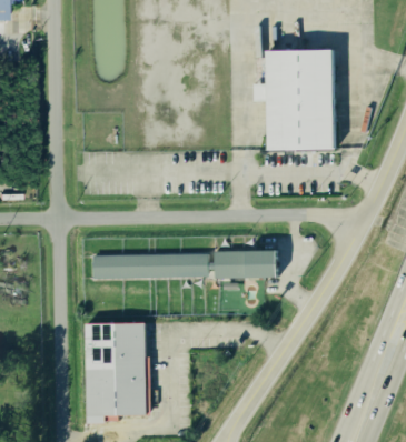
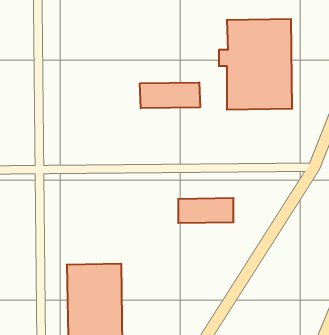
building: none -> [140,82,200,108]
building: [90,252,206,280] -> none

